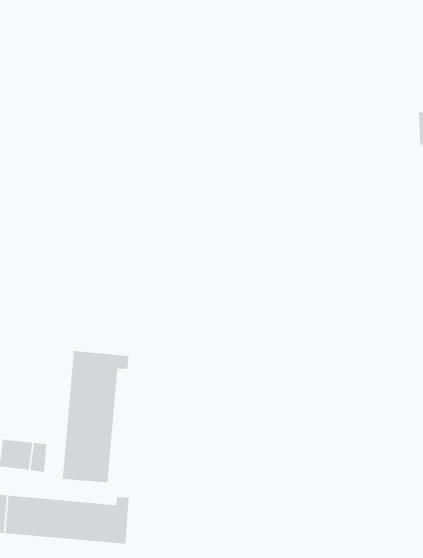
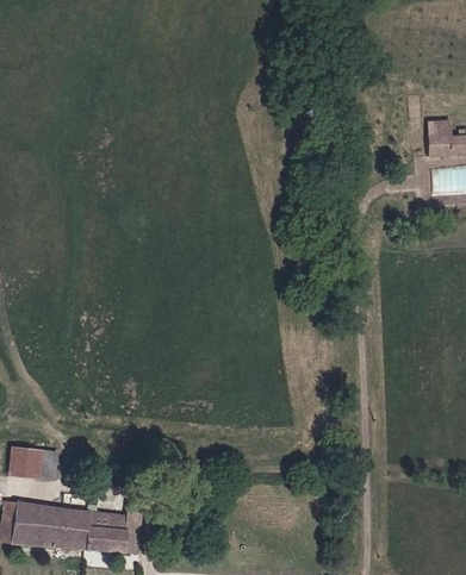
building: [62,350,129,483] -> none

